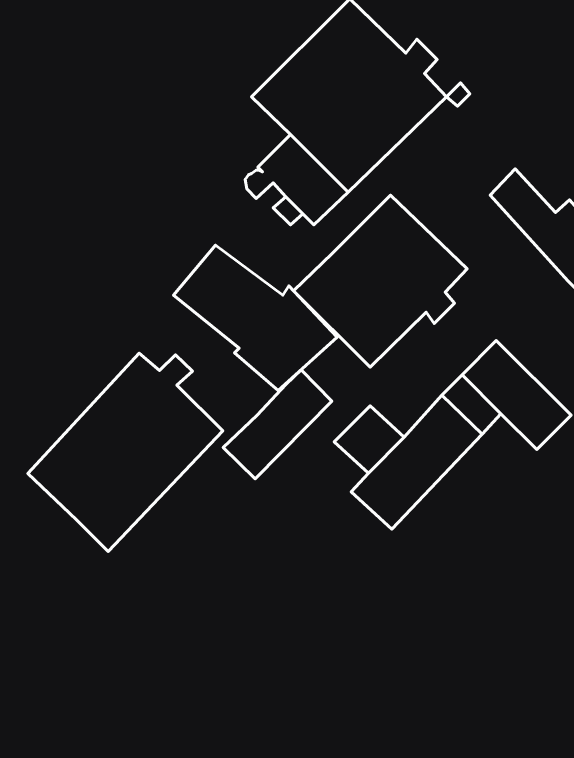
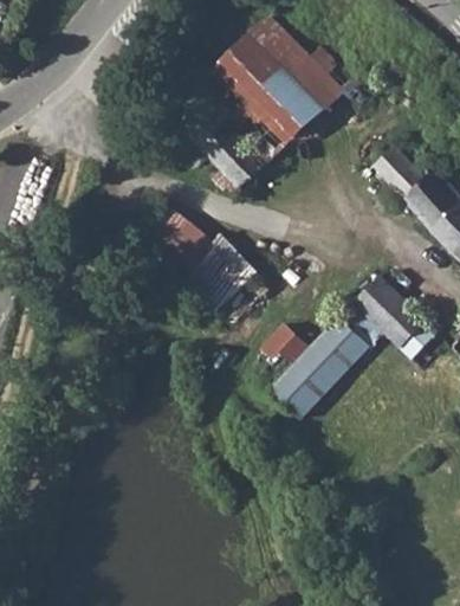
building: [294,195,467,367] -> none
building: [28,353,223,552] -> none
building: [223,370,332,479] -> none

